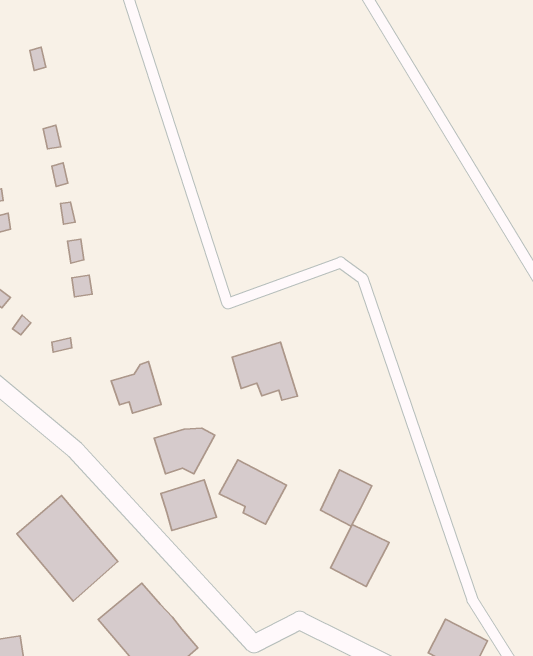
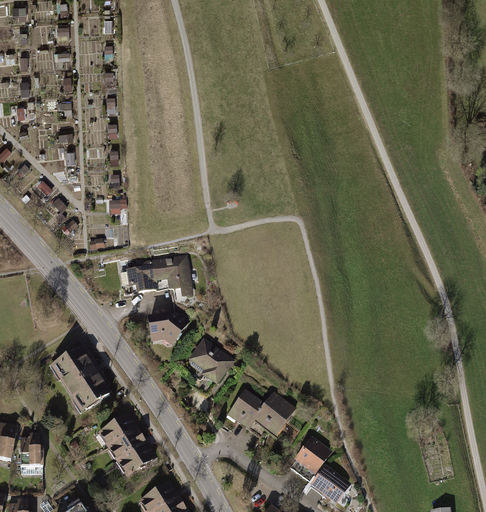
building: [232,342,298,400] -> [153,258,193,297]
building: [320,470,372,526] -> [227,392,264,431]
building: [161,480,217,530] -> none
building: none -> [294,438,332,476]

